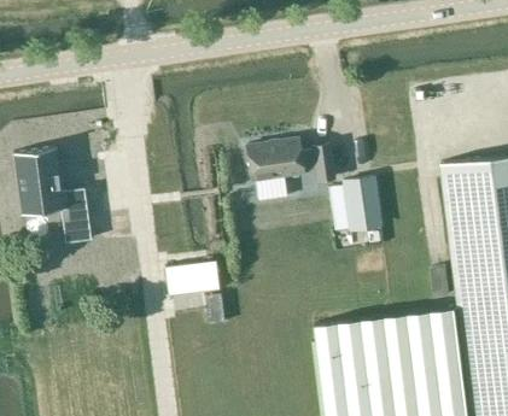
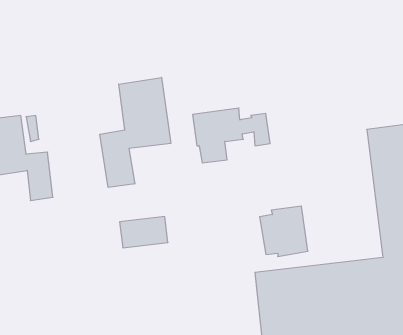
building: none -> [100,77,171,187]
building: [327,177,381,234] -> [260,206,308,257]

